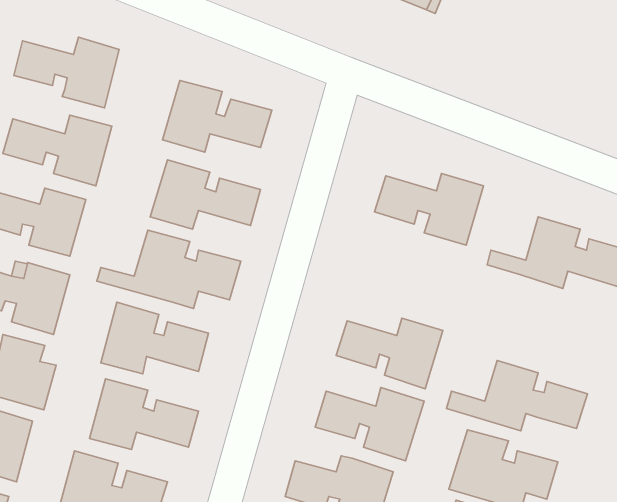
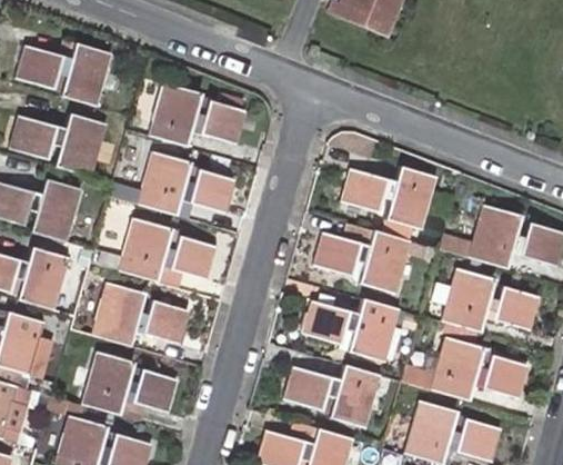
building: none -> [312,220,409,294]
building: none -> [434,268,536,333]

